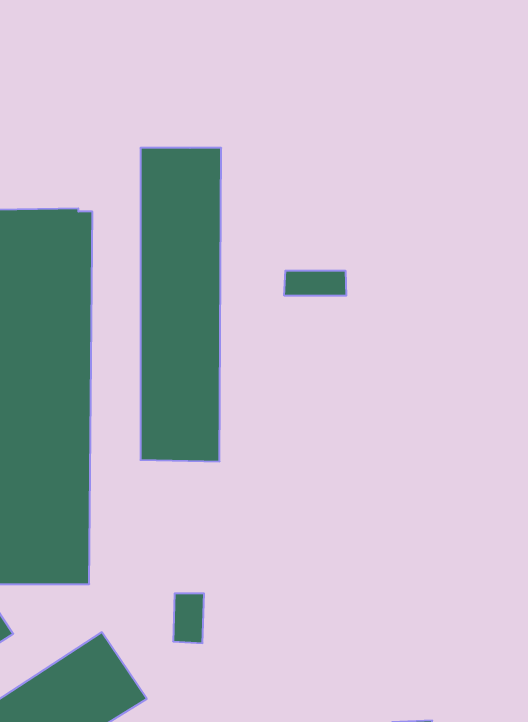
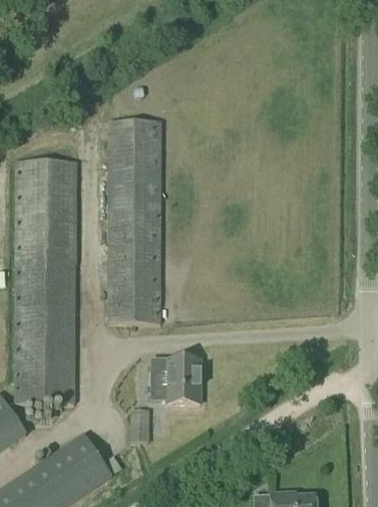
building: [284,271,346,296] -> none
building: none -> [151,358,200,403]

